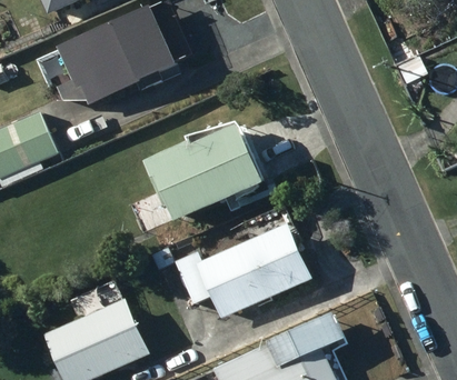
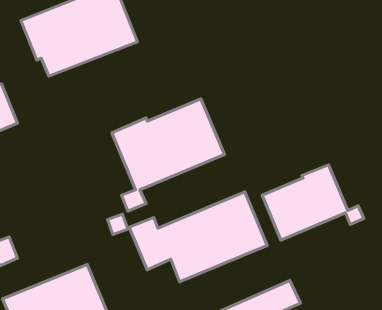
building: none -> [262,165,364,240]

